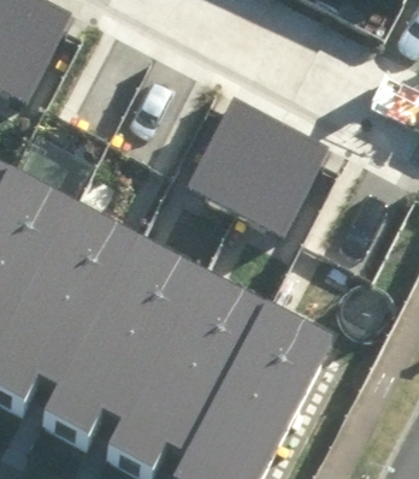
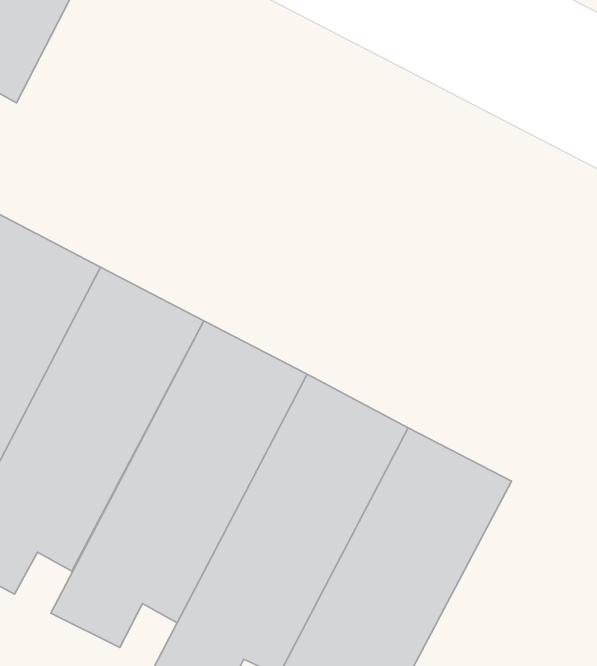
building: [190,97,327,231] -> none

